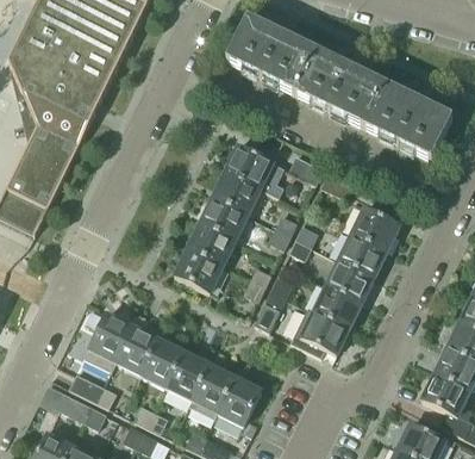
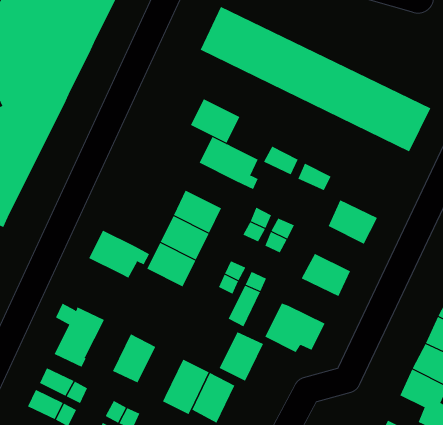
building: [212,172,261,216] -> [190,99,240,144]
building: [338,234,387,278] -> none
building: none -> [88,230,150,279]
building: [313,285,362,329] -> none
building: [114,325,158,376] -> none
building: [165,352,210,401] -> [219,332,264,382]

